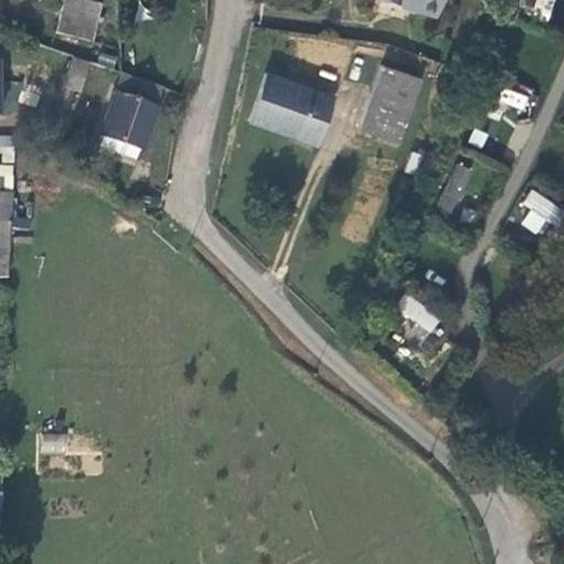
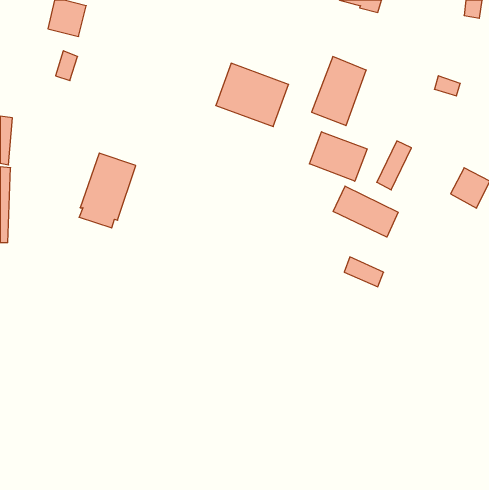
building: [99,74,164,160] -> [79,153,136,228]
building: none -> [309,132,367,181]
building: none -> [333,186,398,237]

